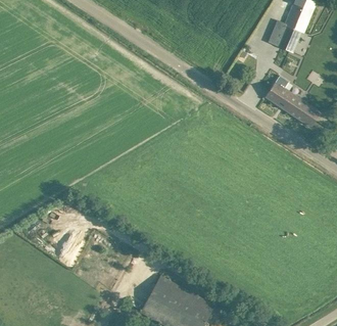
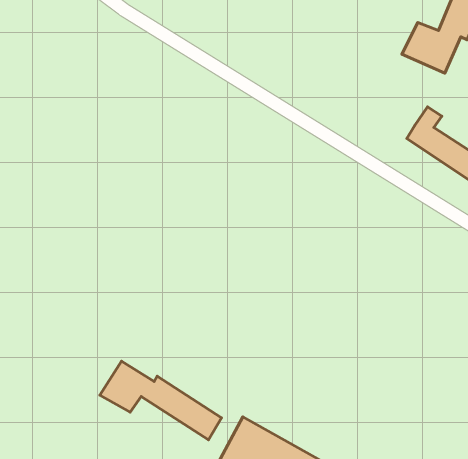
building: none -> [100,361,222,440]

